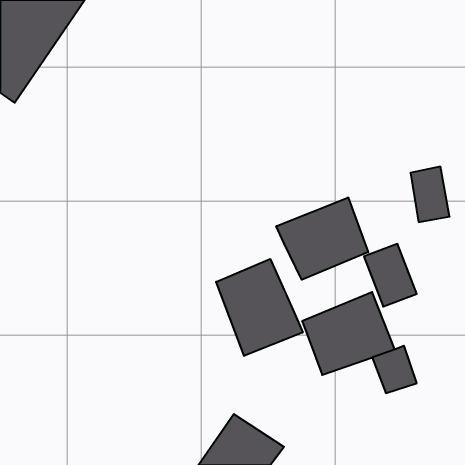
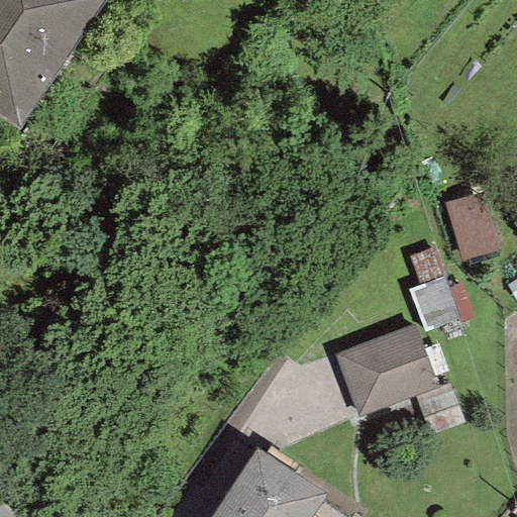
building: [276,197,368,280] -> none
building: [216,259,303,356] -> none

